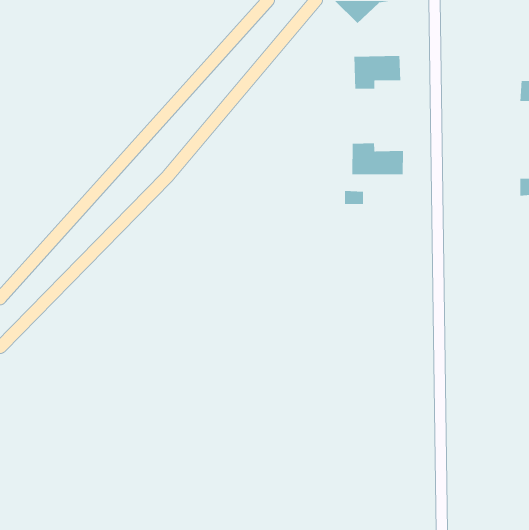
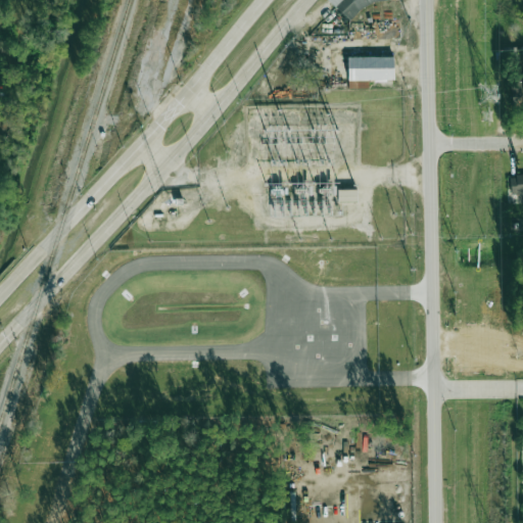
building: [351,143,404,175] -> none

